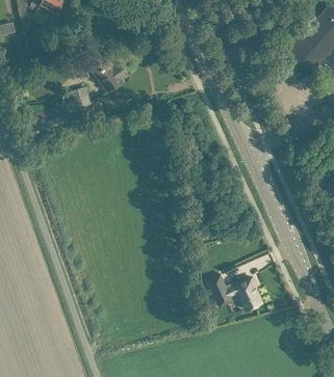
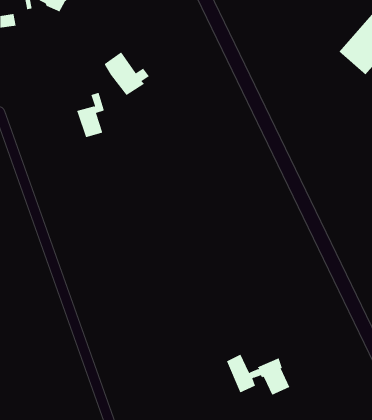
building: [207,275,261,311] -> [226,354,290,396]

